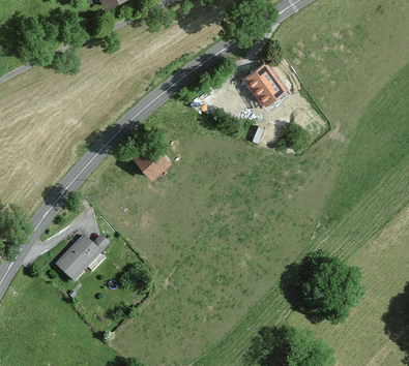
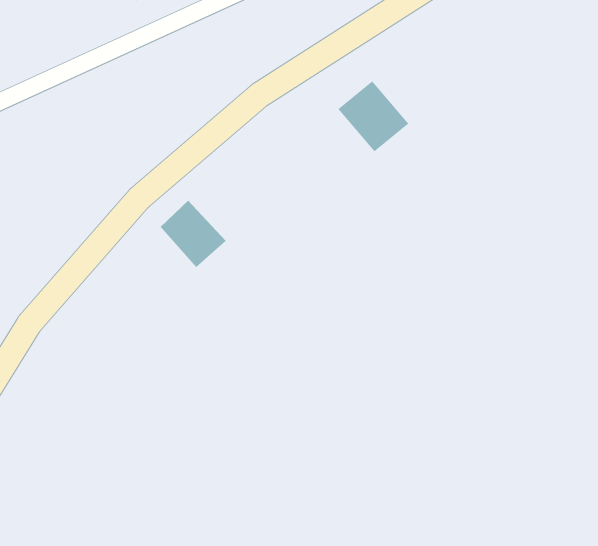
building: [51,237,99,286] -> none

